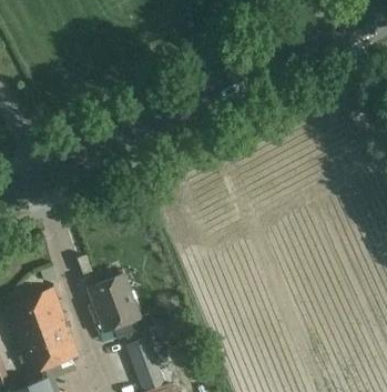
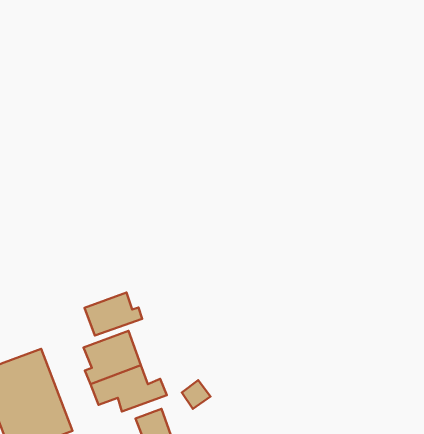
building: none -> [85,293,142,336]

